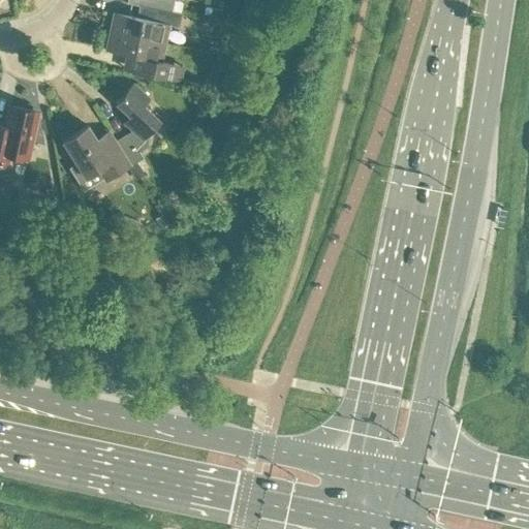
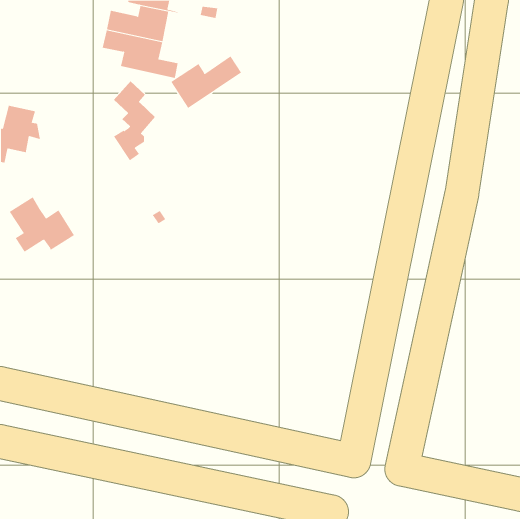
building: none -> [171,56,242,109]
building: [63,126,130,183] -> [9,196,75,252]

